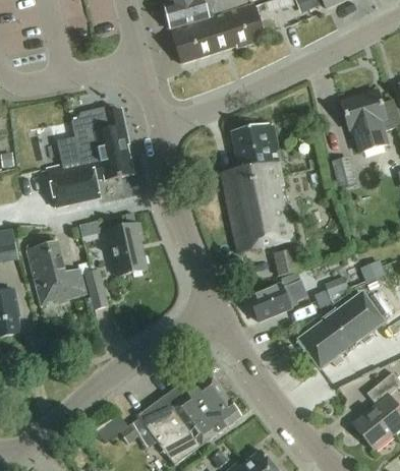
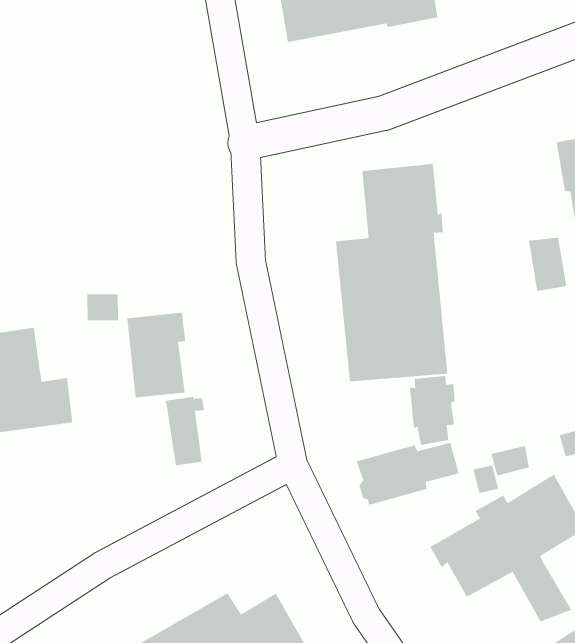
building: [47,107,132,205] -> none
building: [82,267,108,307] -> [165,397,205,466]

